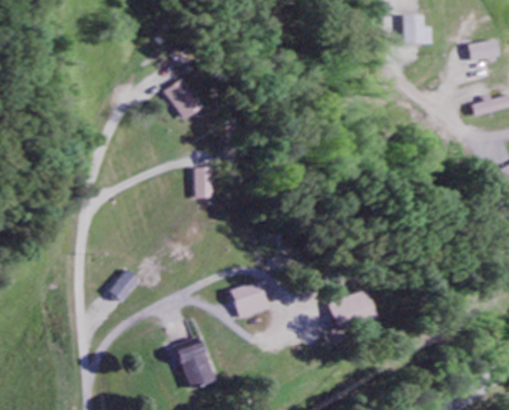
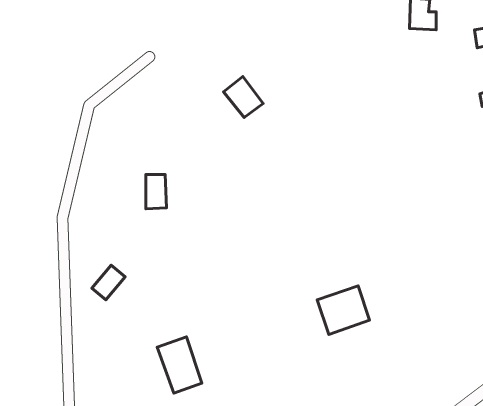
building: [162,77,200,115] -> [224,76,263,117]
building: [194,164,213,196] -> [146,174,166,209]
building: [227,283,266,317] -> none

